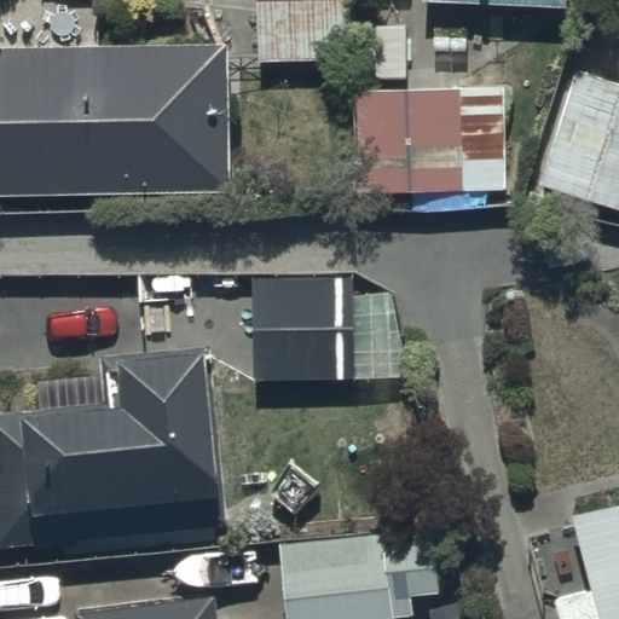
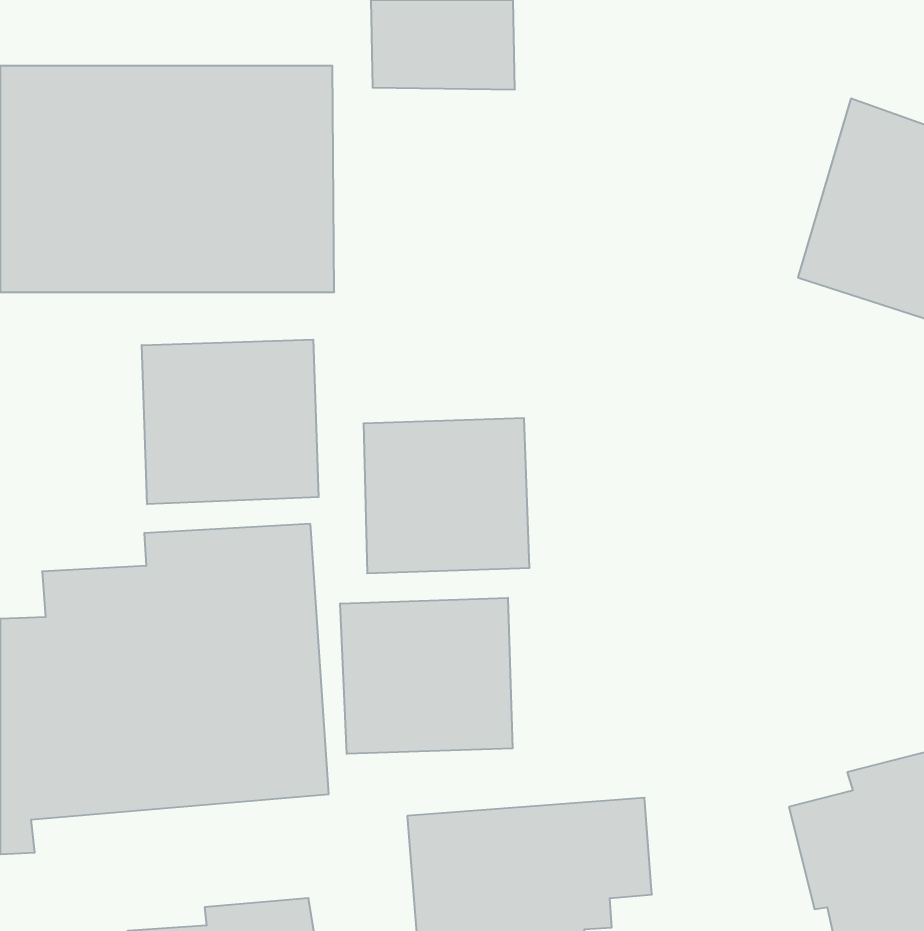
building: [352,87,504,193] -> none
building: none -> [142,340,319,504]
building: none -> [340,598,513,754]

